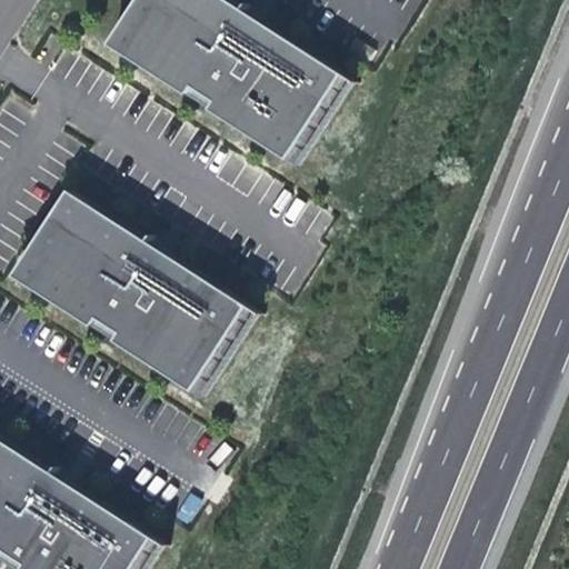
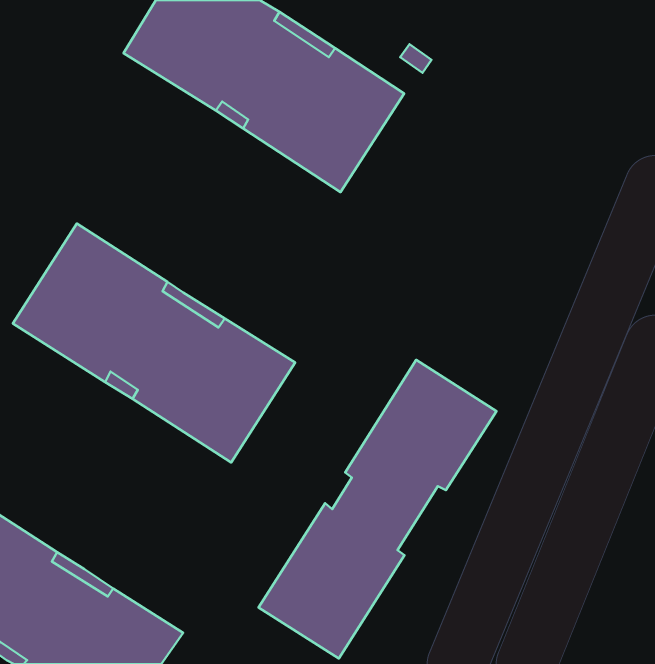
building: none -> [259,360,497,659]

